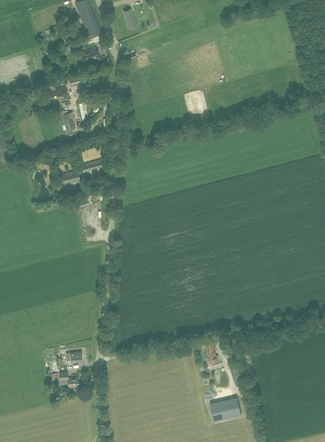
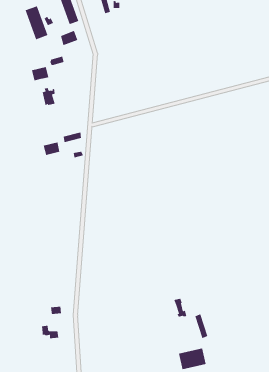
building: none -> [25,5,48,40]

